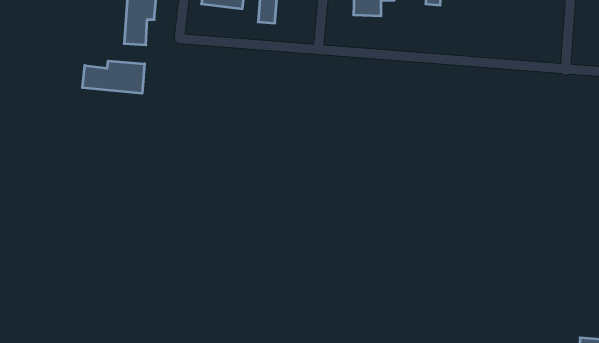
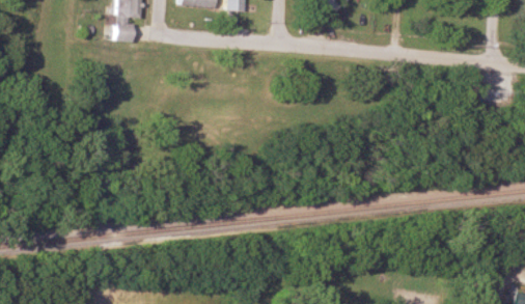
building: [82,61,145,93] -> none

